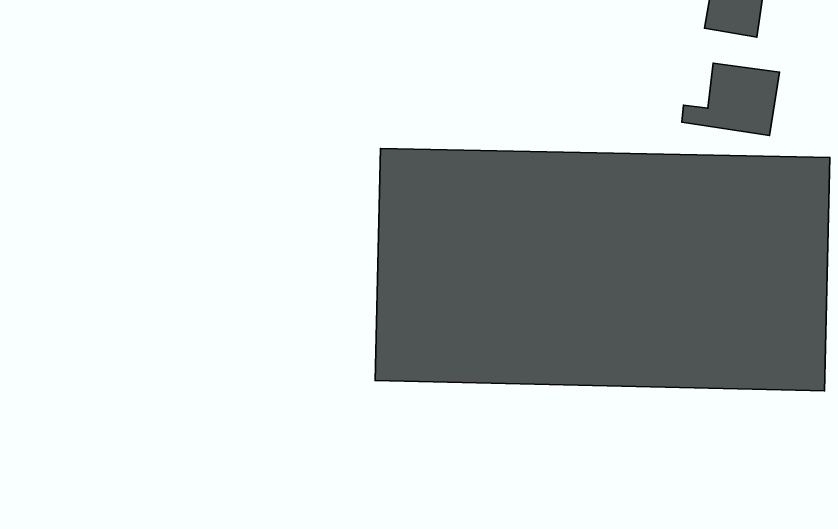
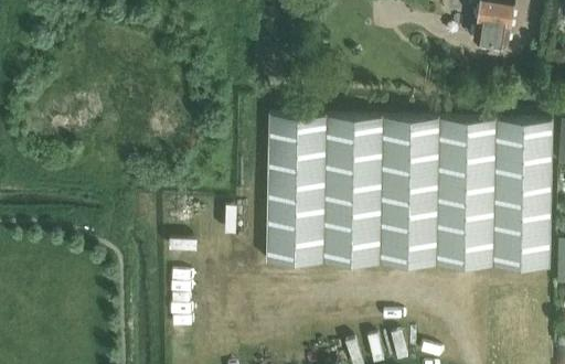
building: [682,63,779,136] -> none

